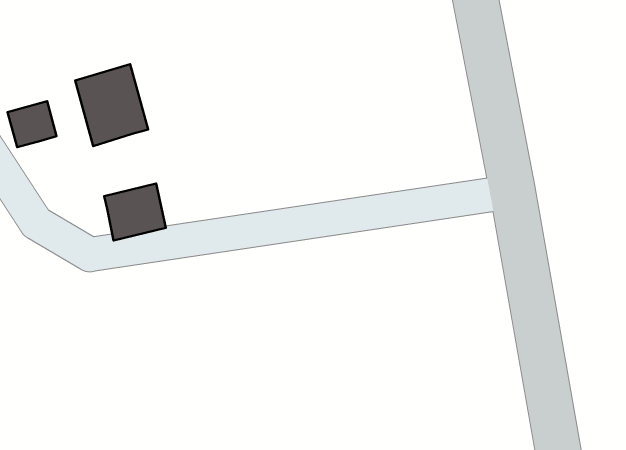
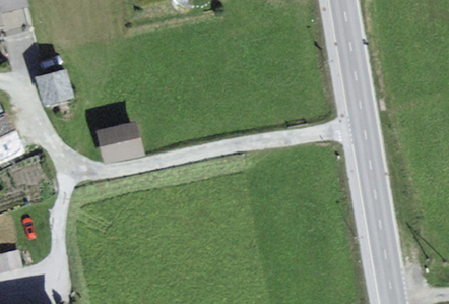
building: [75,64,148,146] -> none

